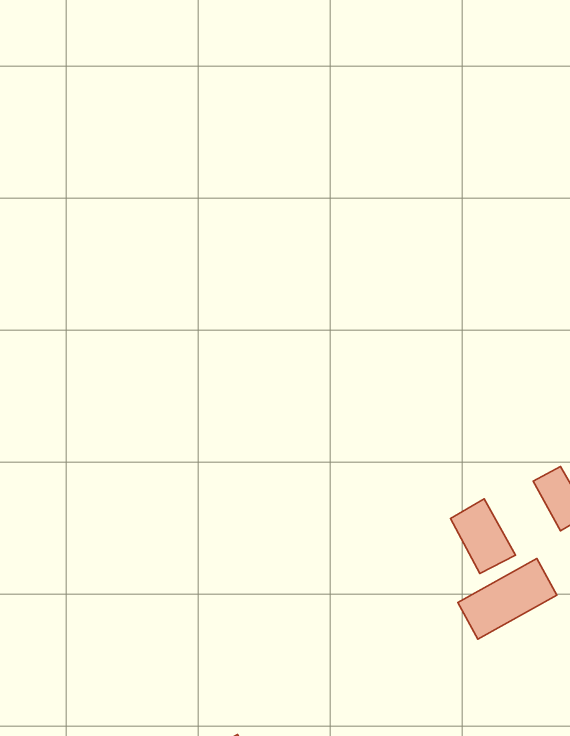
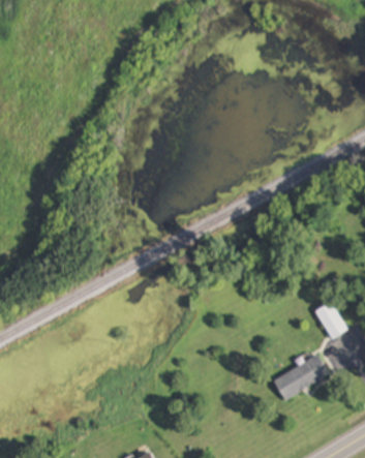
building: [450,499,515,573] -> none

